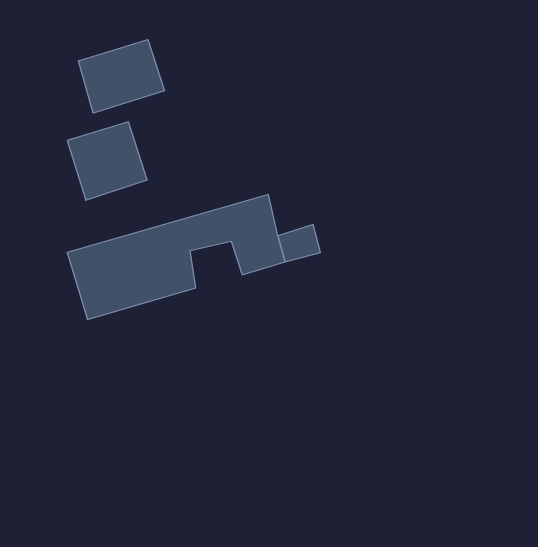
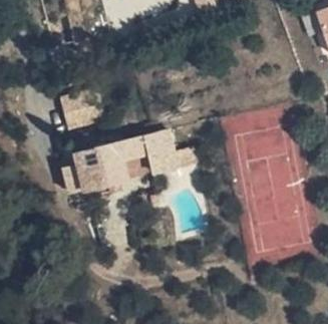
building: [78,40,165,113] -> none

